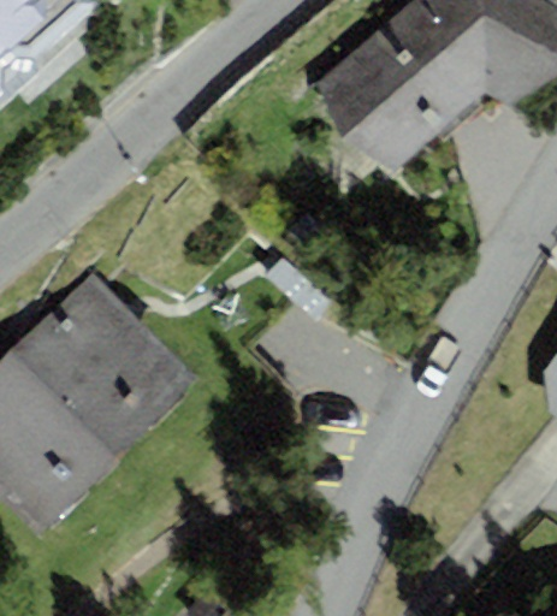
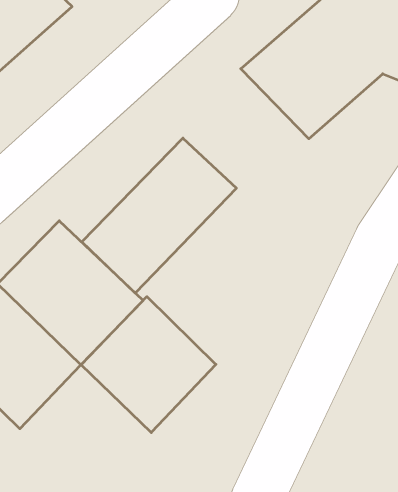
building: none -> [82,138,236,293]
building: none -> [81,297,216,433]

